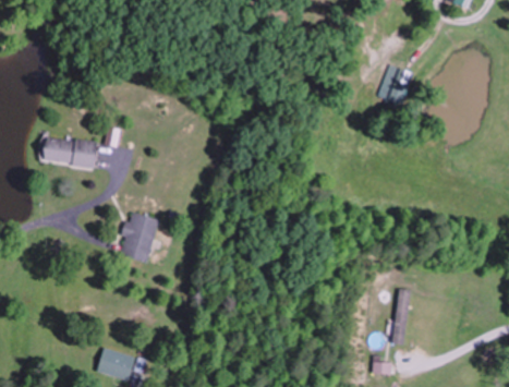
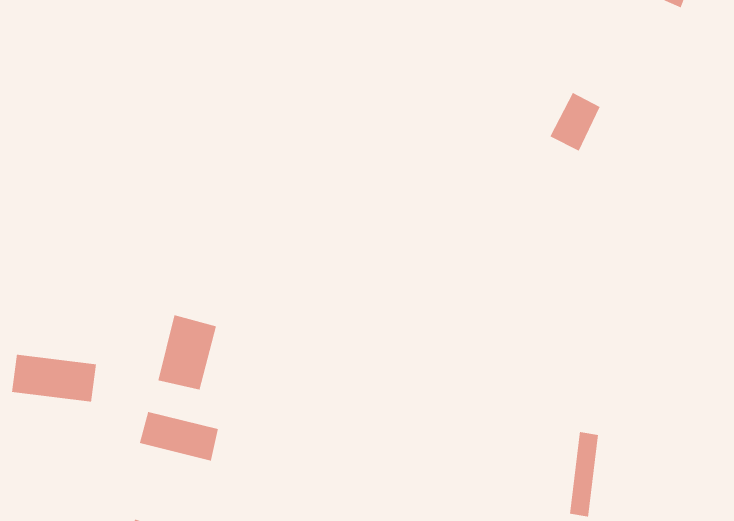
building: [40,135,97,167] -> [11,354,97,402]
building: none -> [139,411,218,462]

